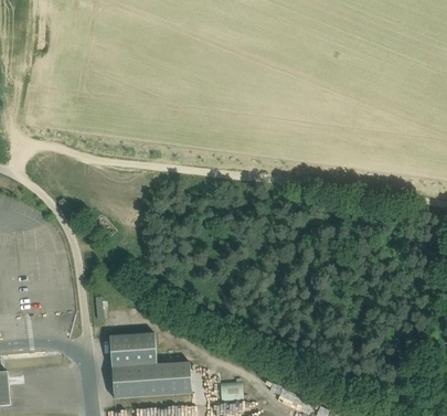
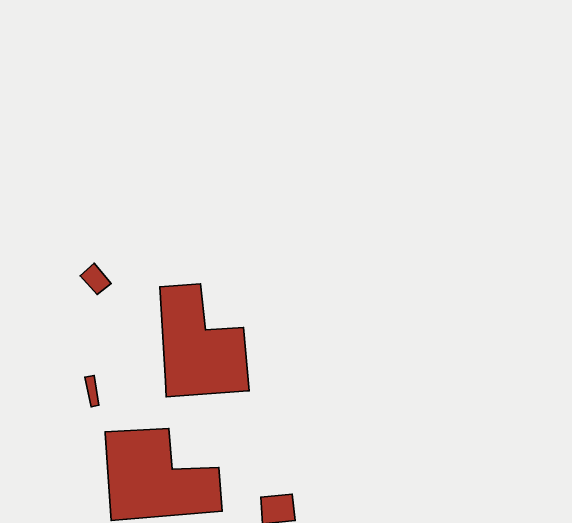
building: none -> [160,284,249,397]

